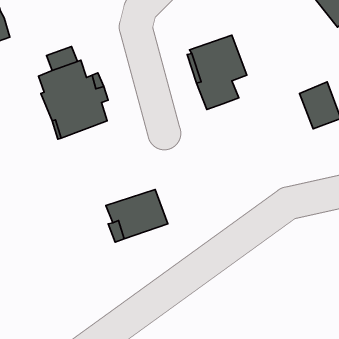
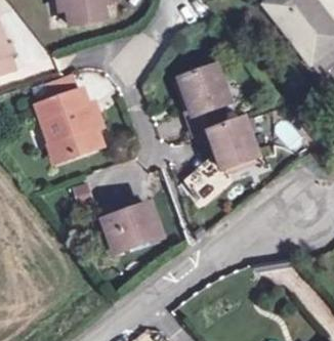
building: none -> [205,115,257,171]

